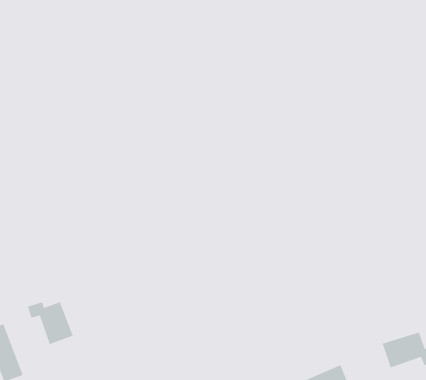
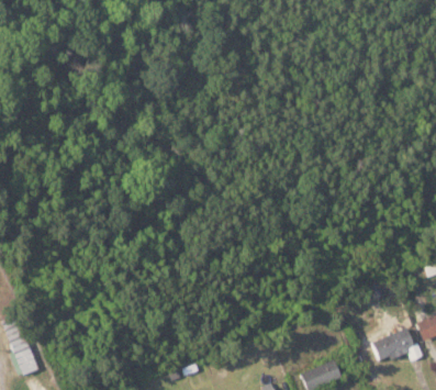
building: [27,301,73,345] -> none

